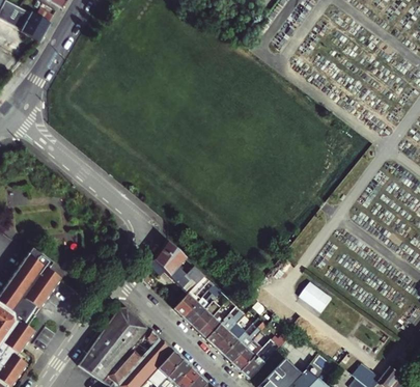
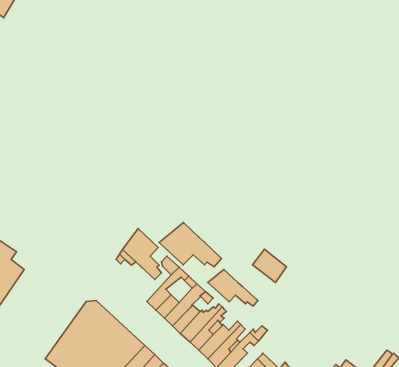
building: none -> [159,222,222,267]
building: none -> [208,270,258,306]
building: [300,281,332,312] -> [252,249,287,282]

